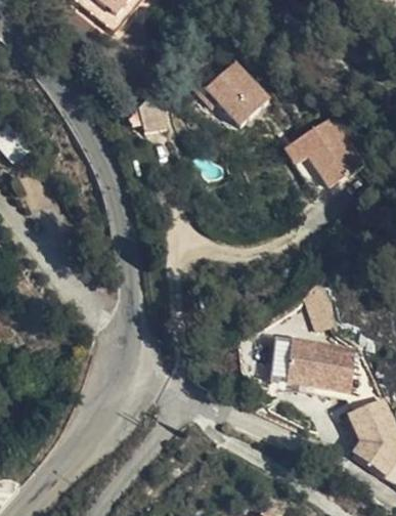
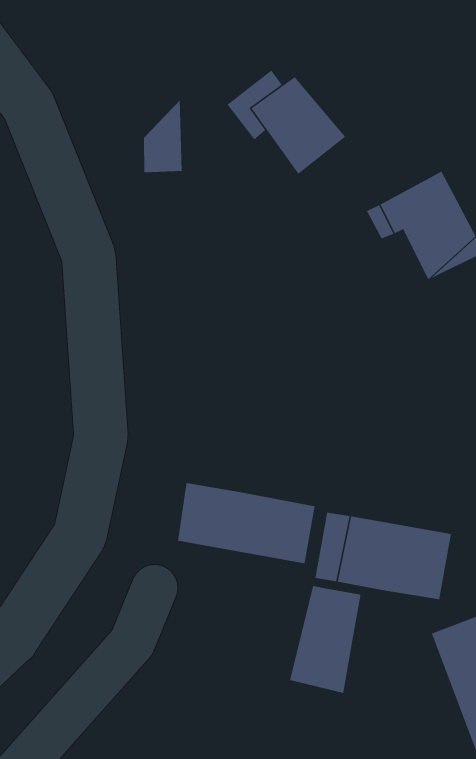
building: [307,293,331,330] -> none
building: none -> [177,482,315,564]
building: none -> [289,585,362,694]

